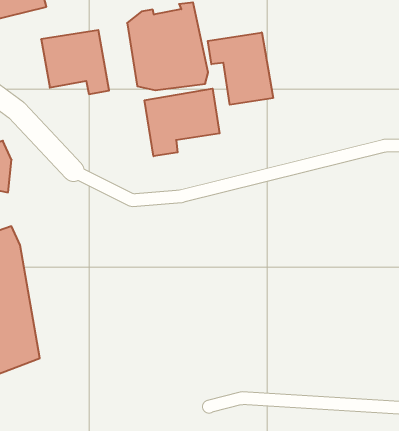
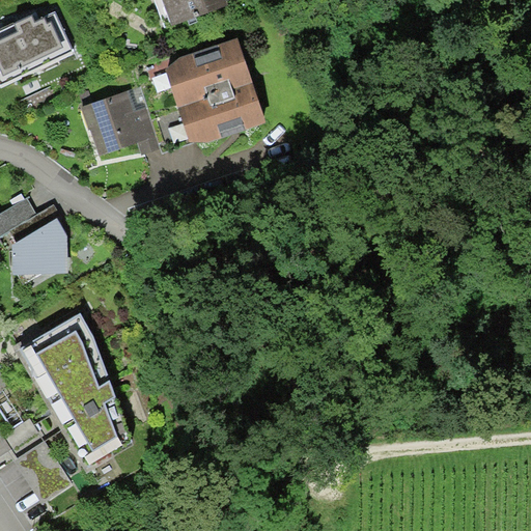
building: [208,32,273,105] -> none
building: [145,89,220,156] -> none

